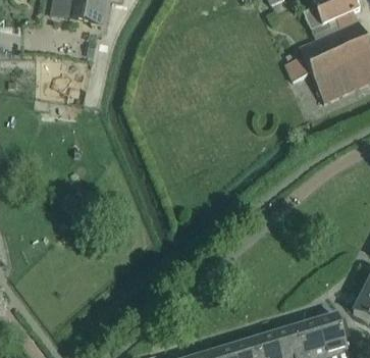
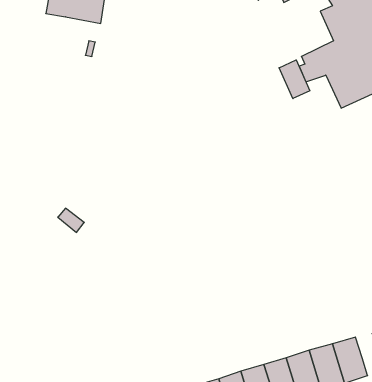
building: none -> [279,60,310,99]

